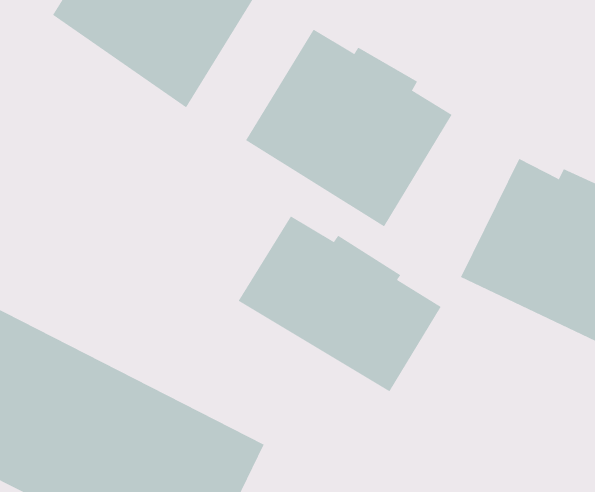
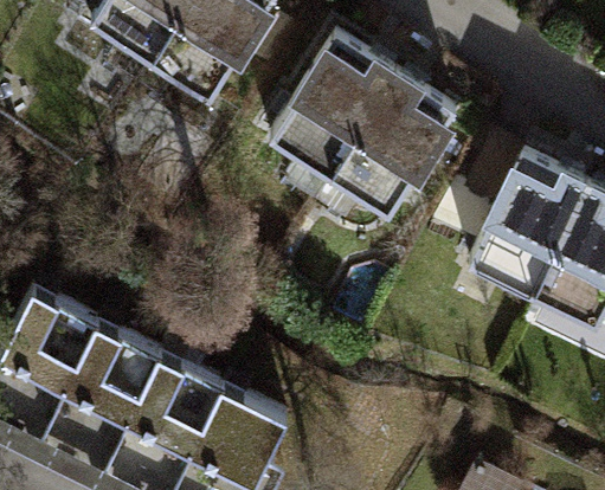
building: [238,215,441,392] -> none

